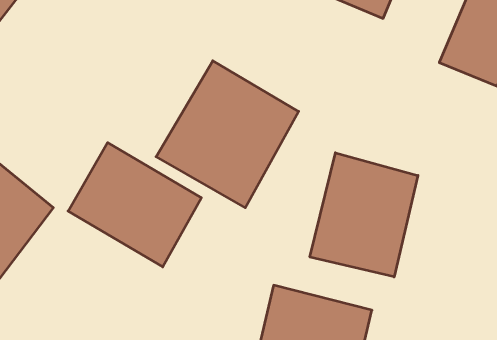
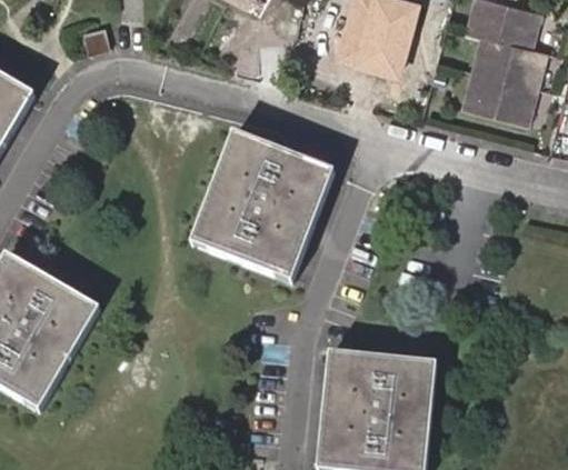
building: [68,143,201,267] -> none
building: [310,153,418,277] -> none

